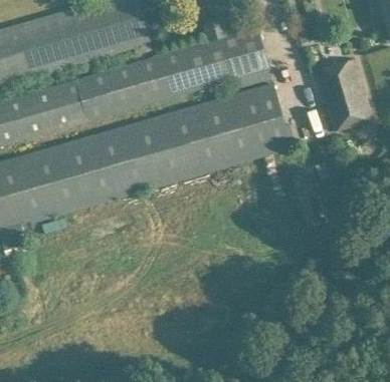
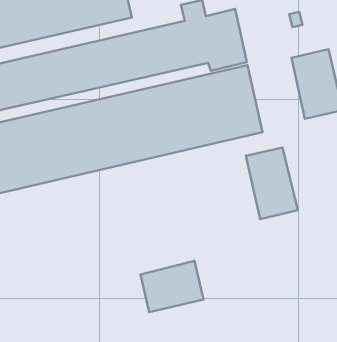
building: none -> [246,148,298,219]
building: none -> [140,261,203,312]

